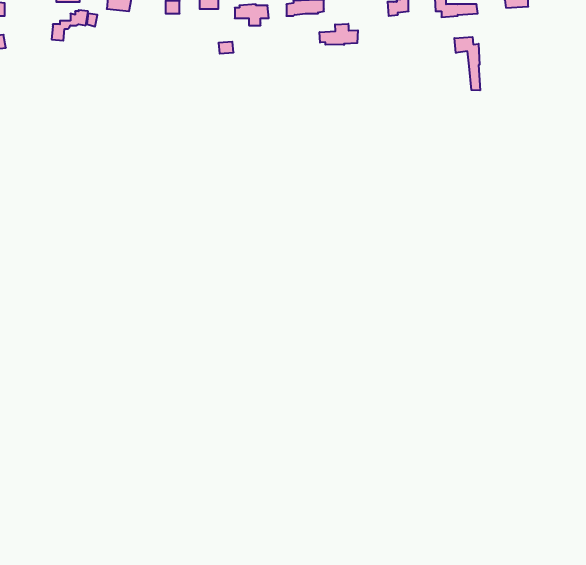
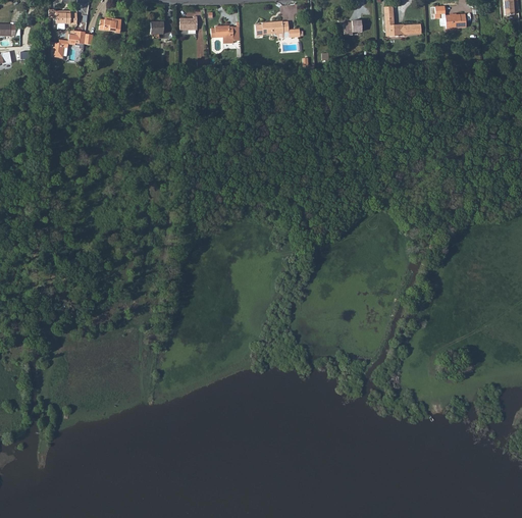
building: [320,24,358,45] -> none
building: [454,37,480,90] -> none

